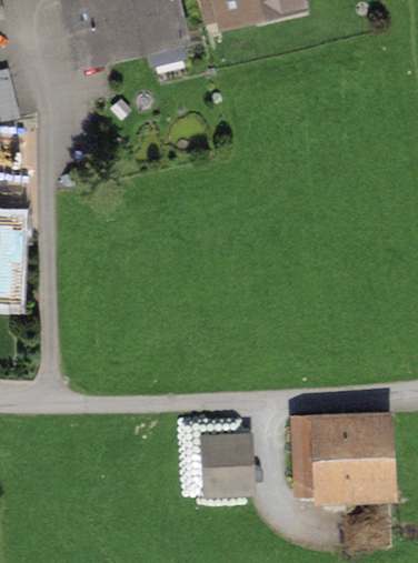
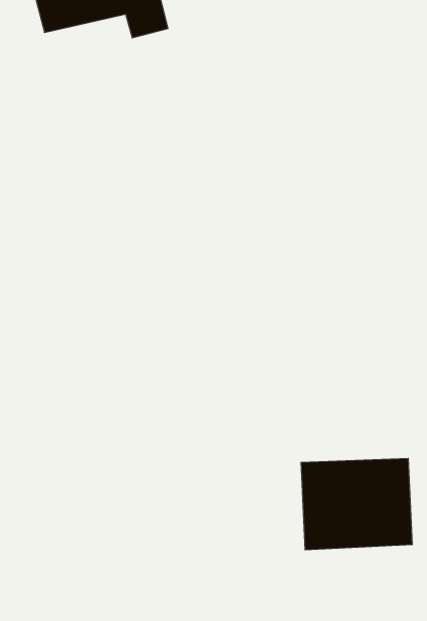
building: [209,440,248,491] -> none

